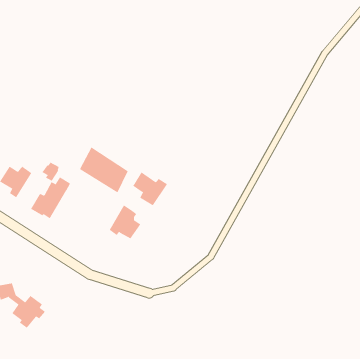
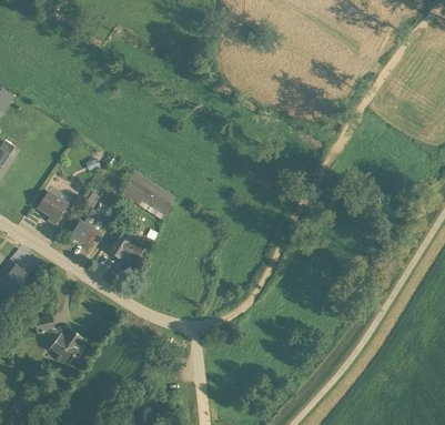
building: [132,172,168,206] -> none
building: [109,205,141,239] -> [110,225,144,262]

